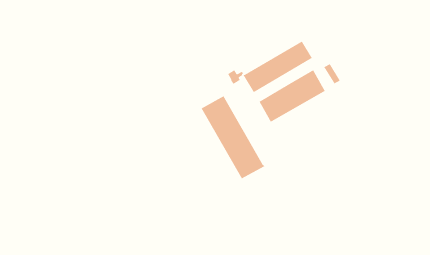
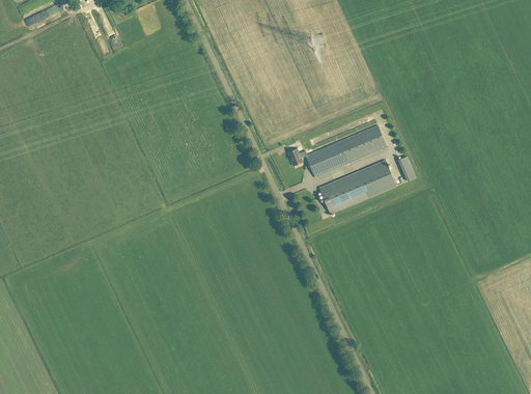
building: [201,95,265,180] -> none

